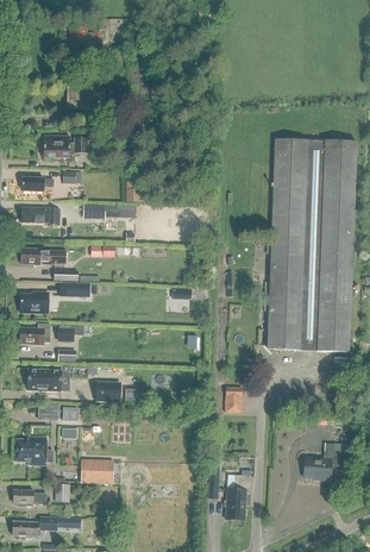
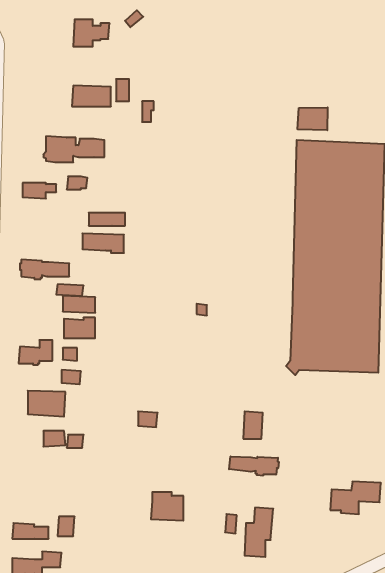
building: none -> [298,107,328,130]
building: [20,207,58,225] -> [82,233,124,253]
building: [19,293,48,312] -> [64,318,95,338]
building: [94,381,120,402] -> none
building: none -> [229,456,279,476]
building: [14,435,46,464] -> none
building: [81,457,111,483] -> [151,492,183,521]

